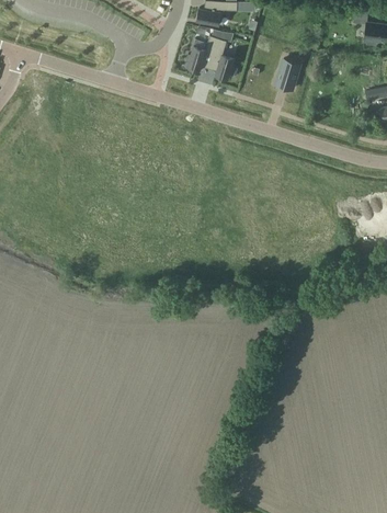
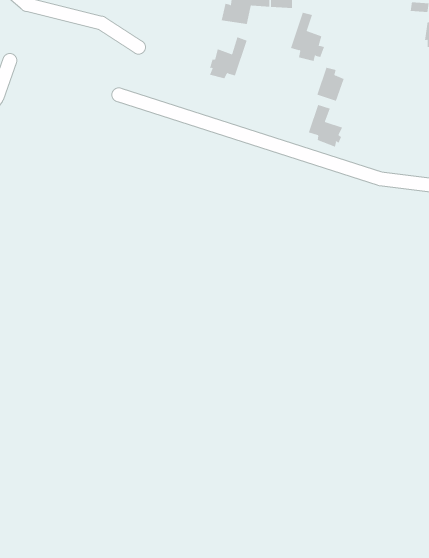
building: [208,39,237,80] -> [290,12,325,61]
building: none -> [308,104,343,148]

